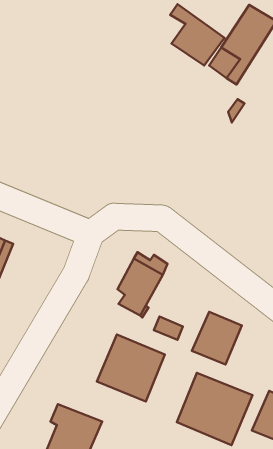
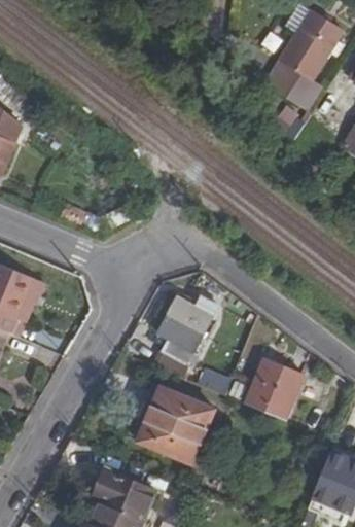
building: [170,4,225,66] -> none
building: [177,373,252,445] -> none

